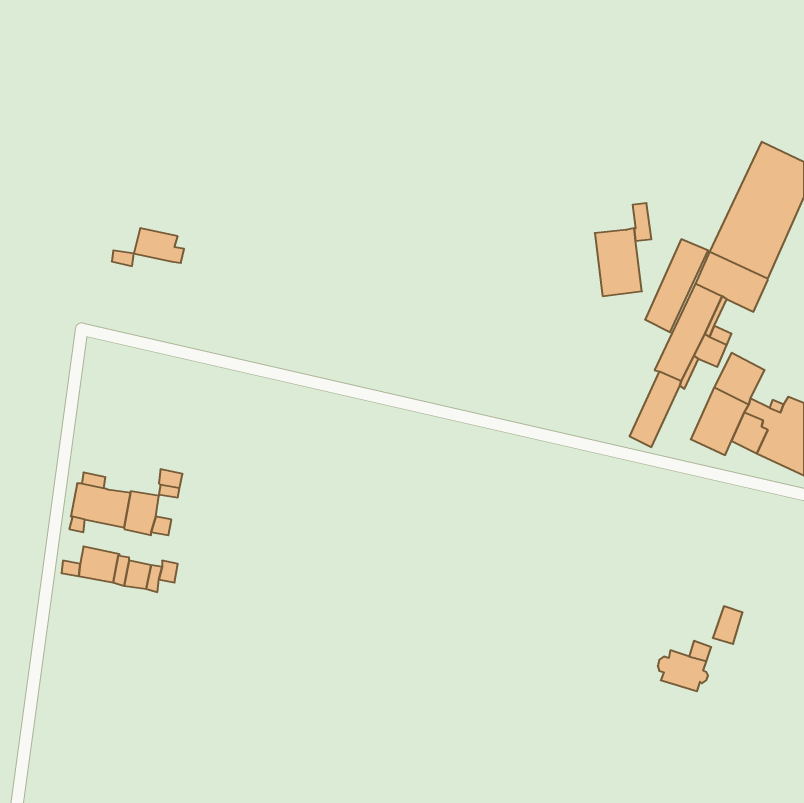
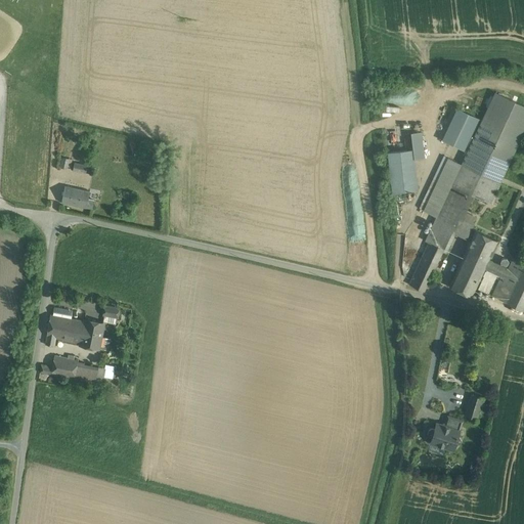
building: none -> [438,107,482,151]
building: [134,228,184,263] -> [61,187,94,210]

